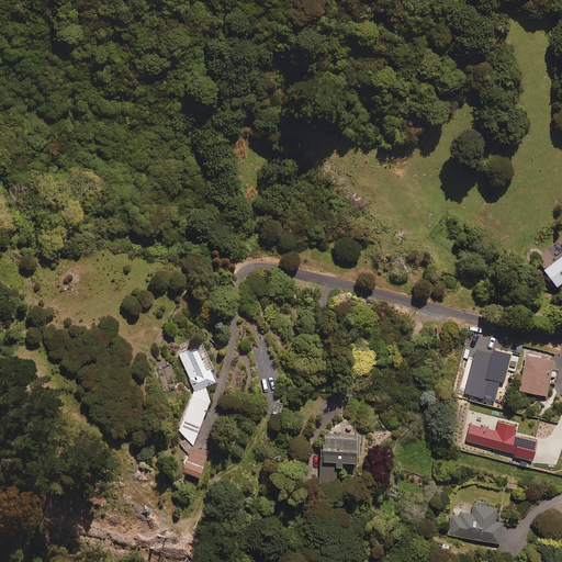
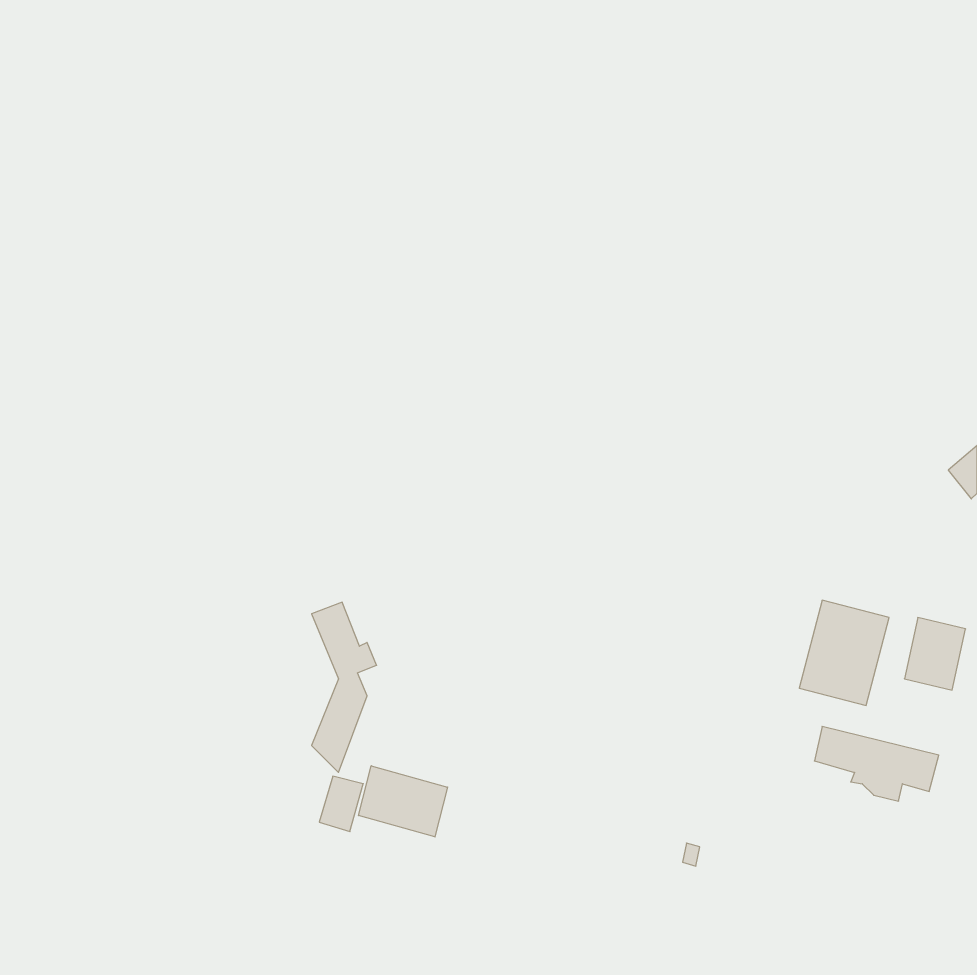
building: [321,432,357,481] -> none
building: none -> [359,766,448,837]
building: [448,503,504,543] -> none

